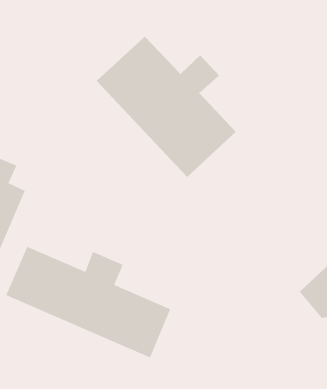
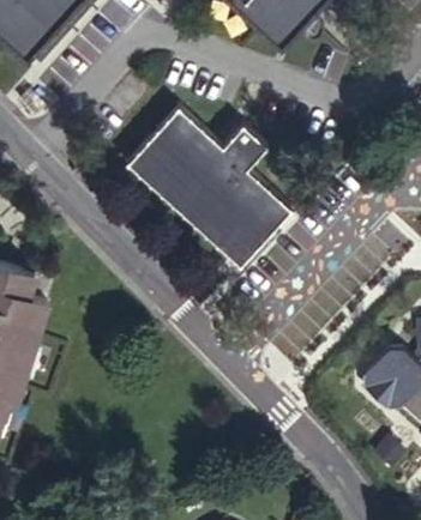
building: [5,246,171,358] -> none

